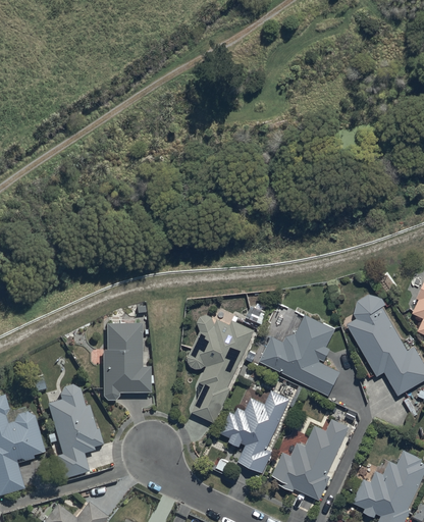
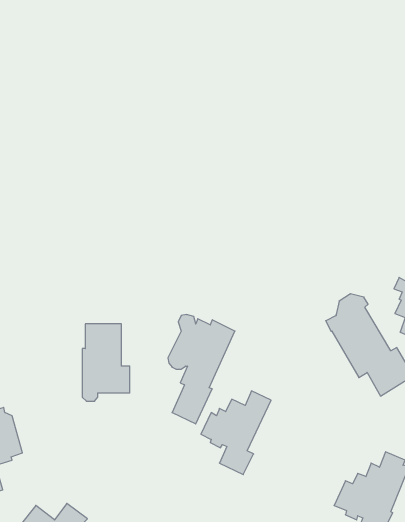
building: [259,314,339,396] -> none
building: [48,384,103,479] -> none
building: [271,419,349,501] -> none

